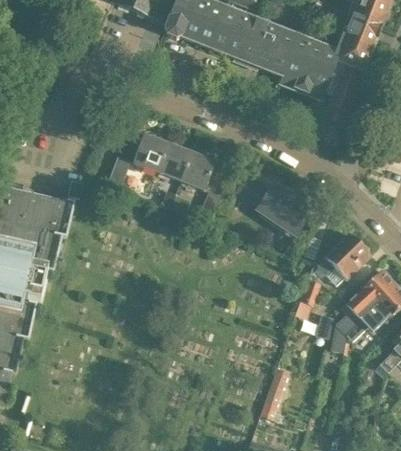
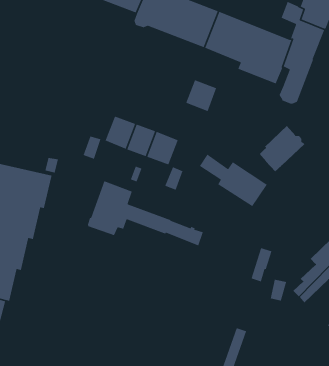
building: none -> [185,79,217,112]
building: none -> [87,180,204,246]
building: [319,233,370,285] -> [259,125,305,172]

